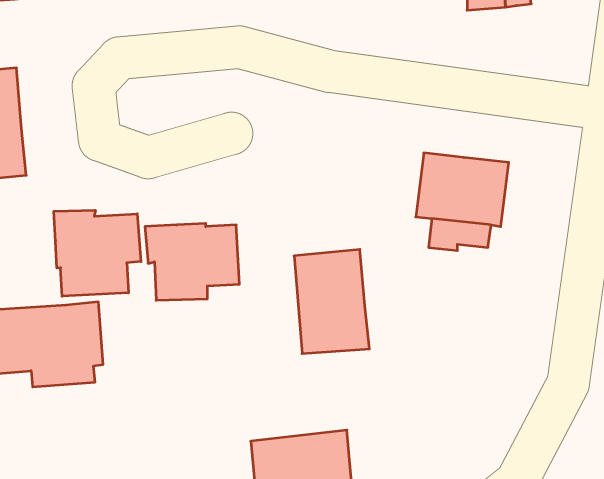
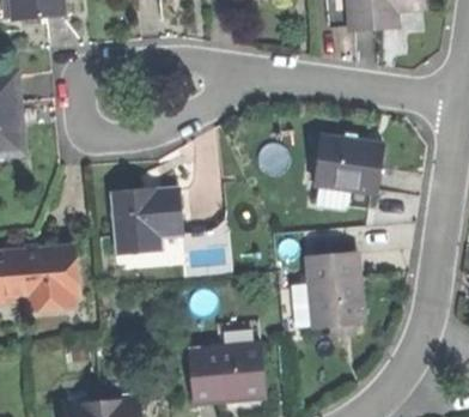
building: [54,210,141,296] -> none
building: [294,249,369,354] -> [305,248,361,326]

